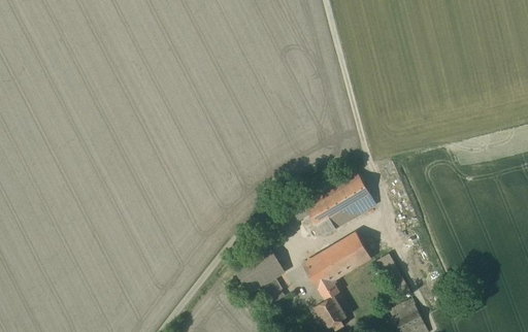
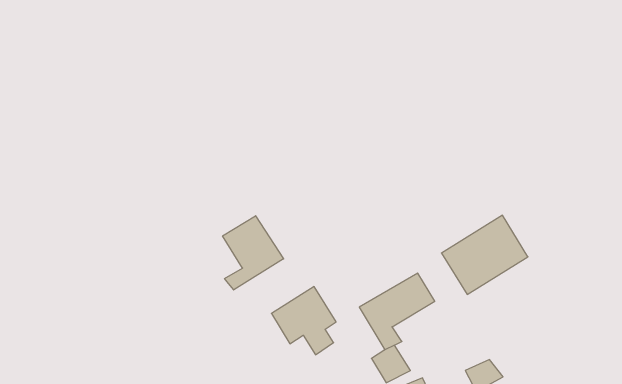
building: [301,170,374,237] -> [441,215,528,294]
building: none -> [223,216,284,290]

